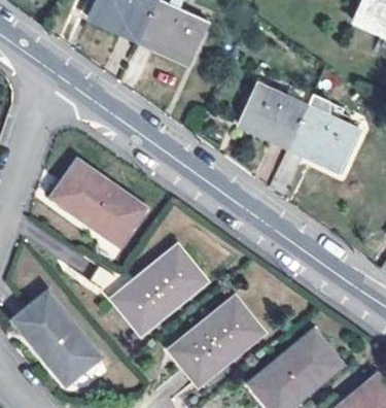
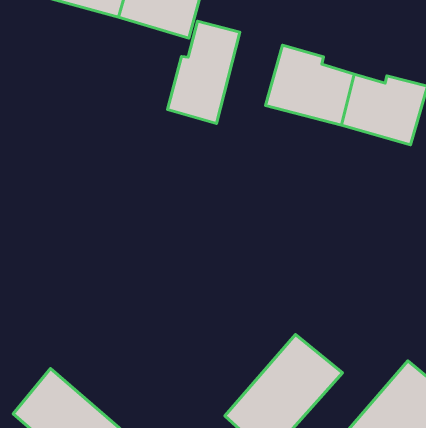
building: none -> [168,21,240,123]
building: [50,159,143,242] -> none
building: [112,245,205,333] -> none

